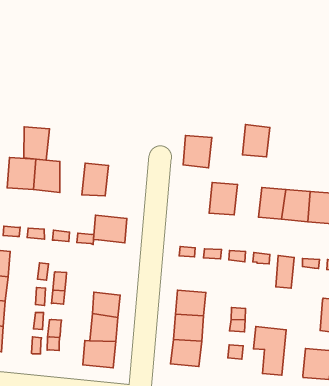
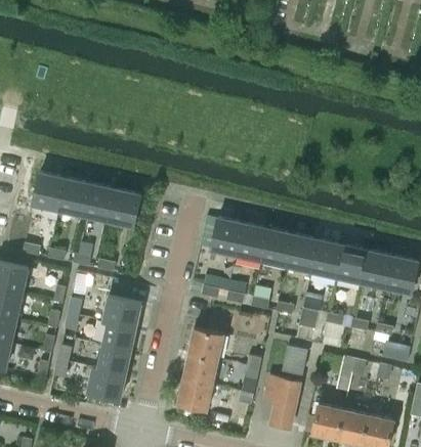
building: [242,125,270,157] -> [262,229,294,265]
building: [24,127,49,160] -> [86,183,116,220]
building: [183,136,212,168] -> [211,219,244,255]
building: [93,215,127,243] -> [103,296,140,327]
building: none -> [283,345,308,373]

